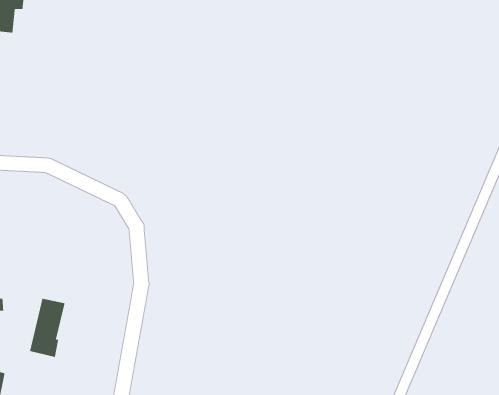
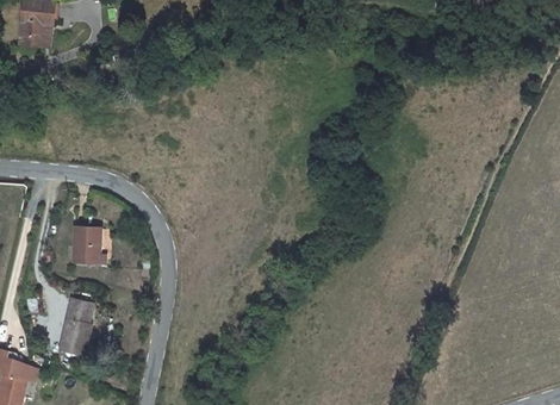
building: none -> [71,226,105,263]

